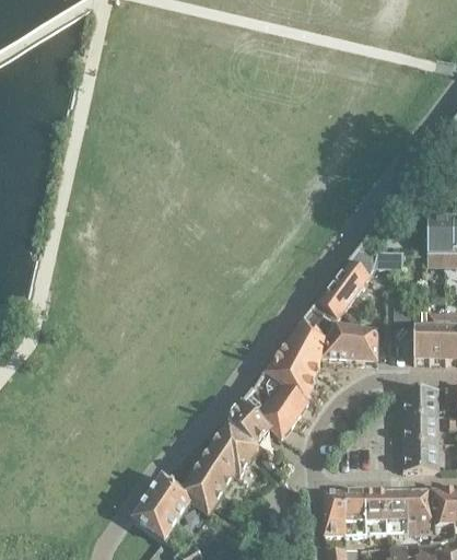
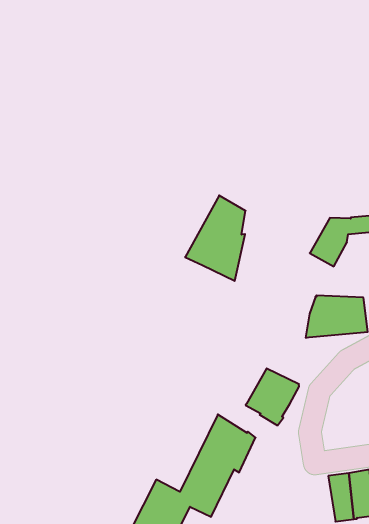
building: [316,279,353,317] -> none
building: [262,318,325,400] -> [185,195,246,281]
building: [226,400,267,440] -> none

